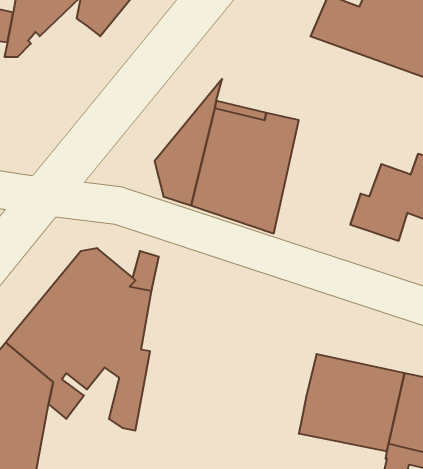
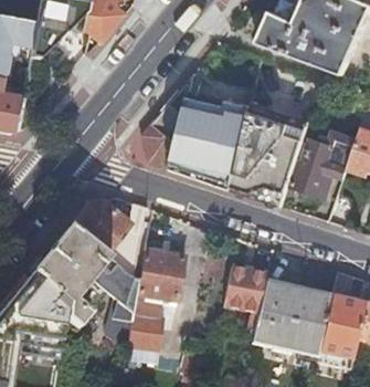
building: none -> [232,102,310,207]
building: none -> [127,250,183,349]
building: none -> [223,264,266,331]

